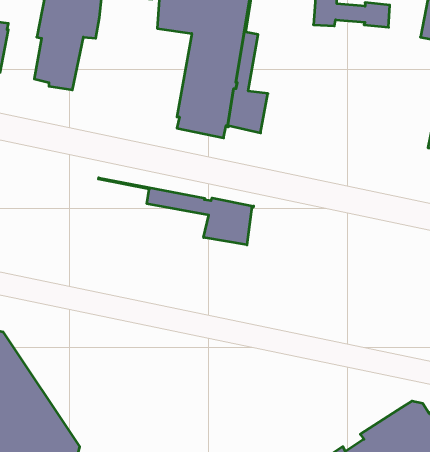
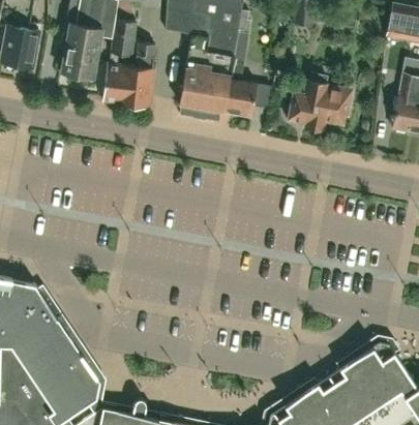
building: none -> [104,21,157,108]
building: none -> [290,73,354,131]
building: [98,178,254,245] -> none

